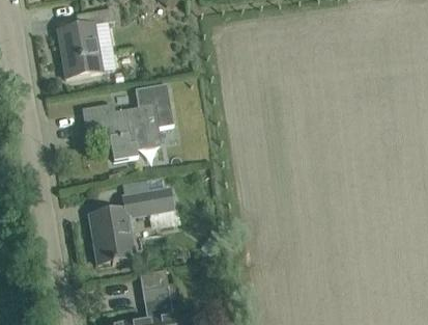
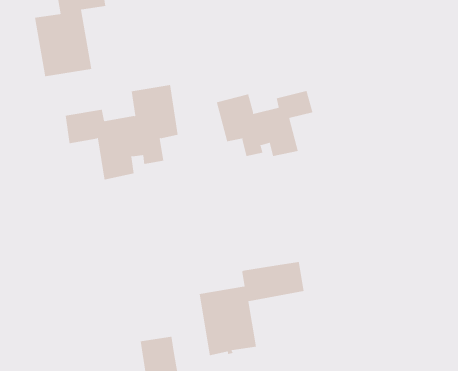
building: none -> [216,90,313,157]
building: [89,187,174,263] -> [199,262,305,356]

